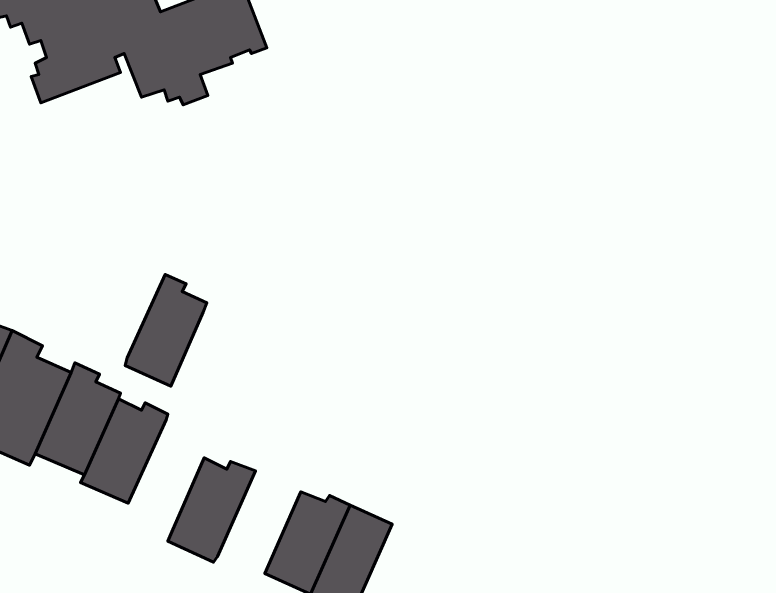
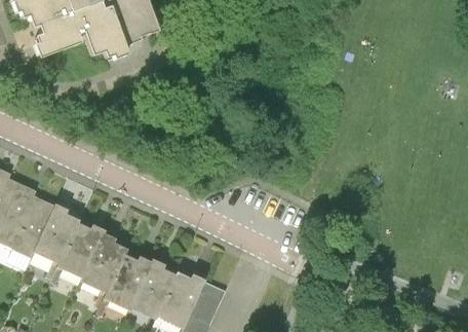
building: [125,274,207,386] -> [82,232,126,293]
building: none -> [131,258,176,318]

